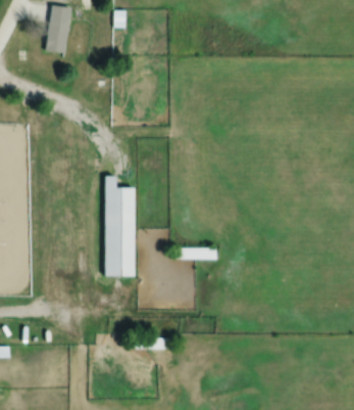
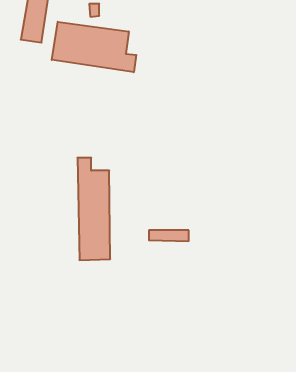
building: none -> [52,22,136,72]

